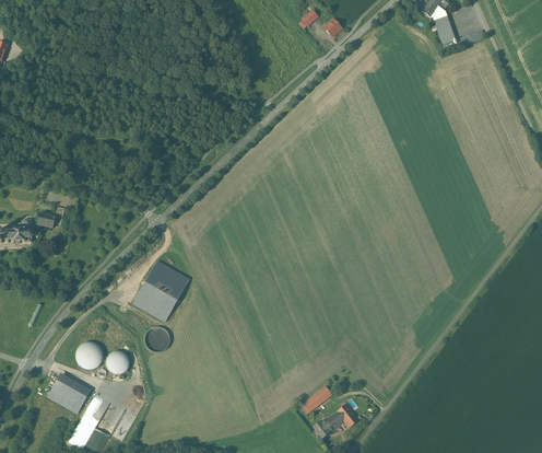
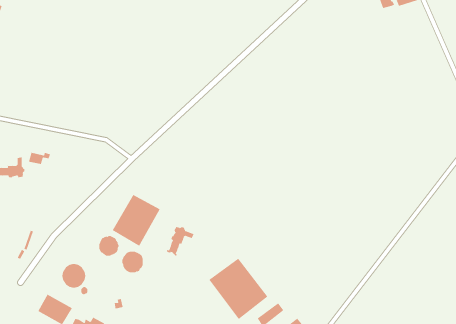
building: none -> [166,225,195,257]
building: none -> [209,258,268,320]
building: [106,349,130,373] -> [99,235,120,256]

